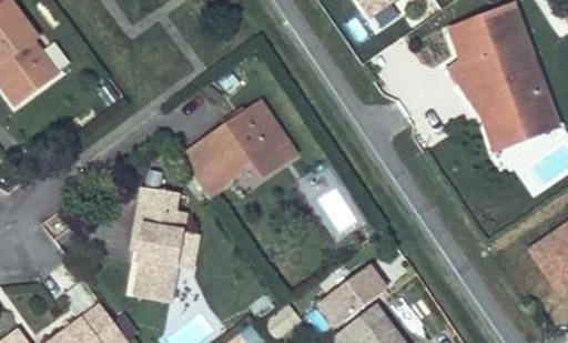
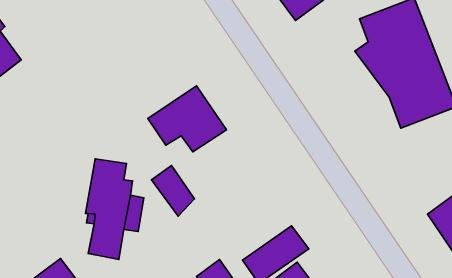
building: [180,139,230,198] -> [151,165,195,216]

